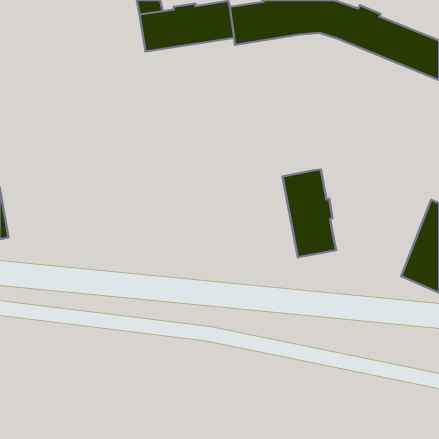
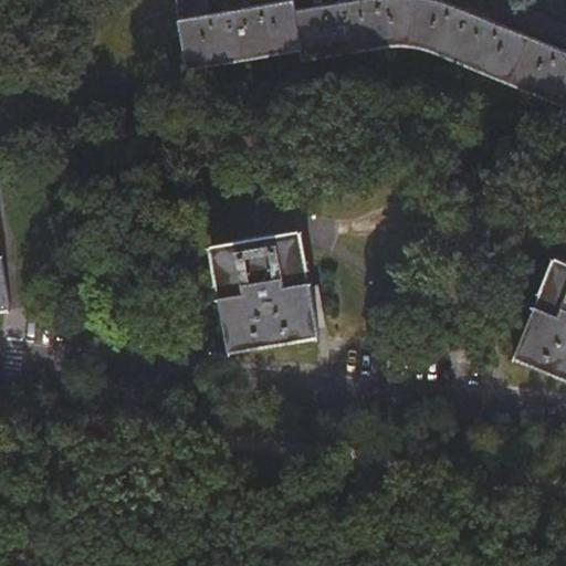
building: [283,170,336,257] -> none
building: none -> [210,230,318,350]

